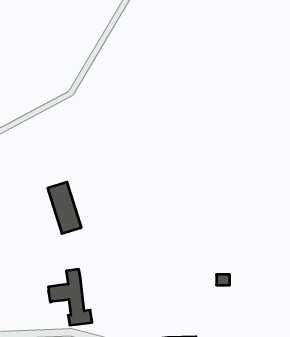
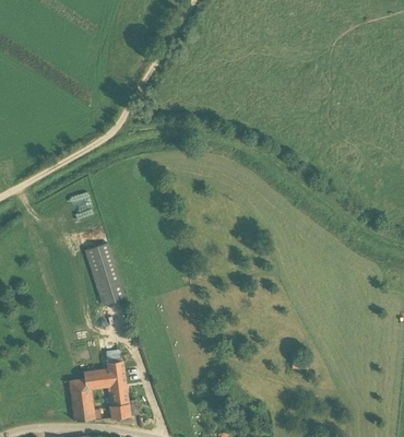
building: none -> [61,377,100,422]

